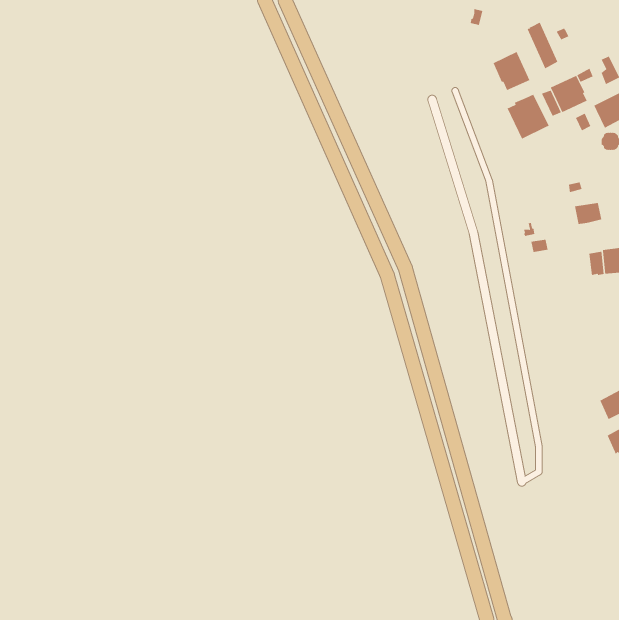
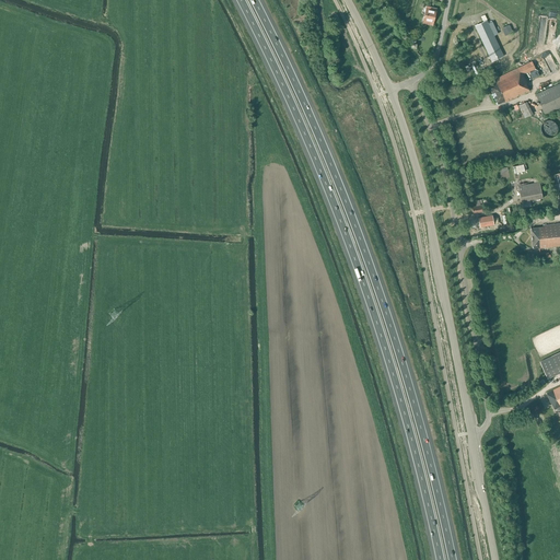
building: [493,51,530,91] -> none
building: [507,94,550,139] -> none

